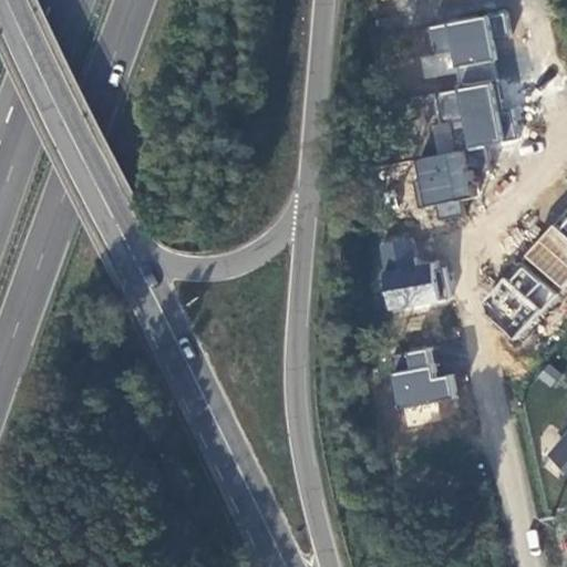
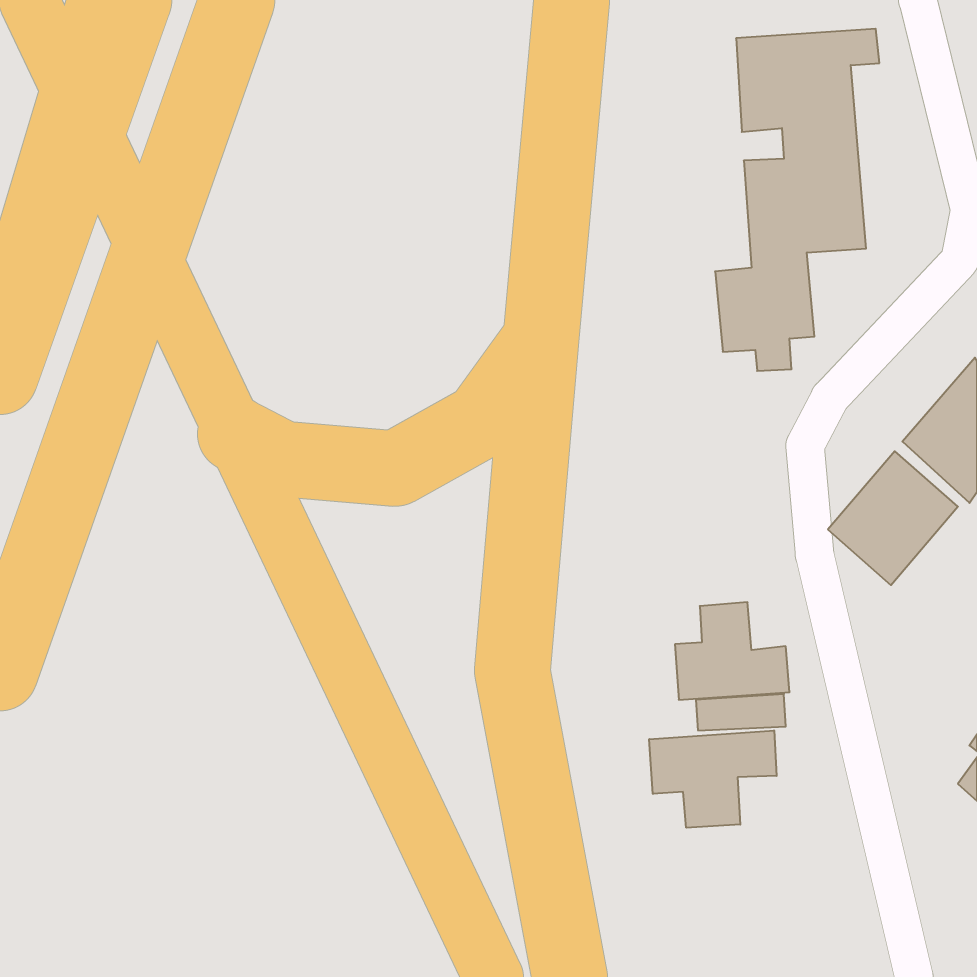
building: [372,236,450,315] -> none
building: none -> [649,730,777,828]

